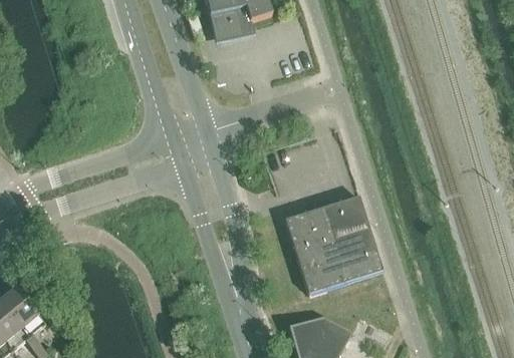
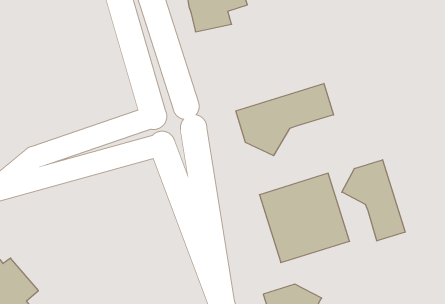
building: none -> [236,83,334,156]
building: none -> [342,160,405,241]

